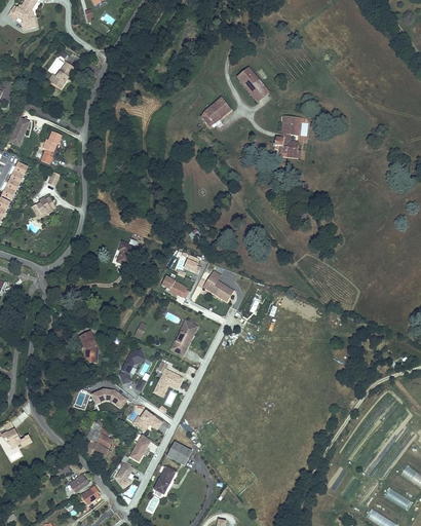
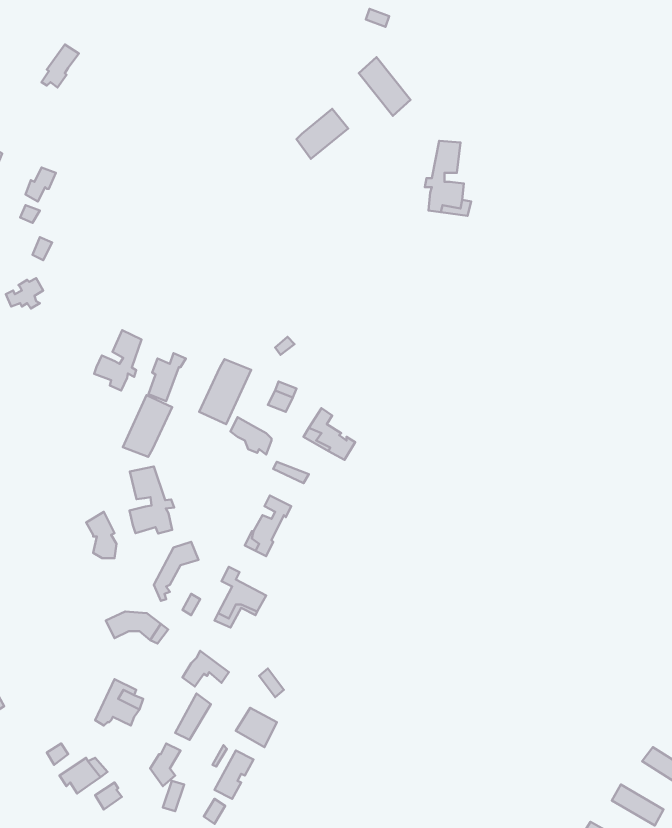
building: none -> [94,330,141,391]
building: none -> [199,359,251,424]
building: none -> [123,395,172,457]
building: none -> [129,466,174,533]

